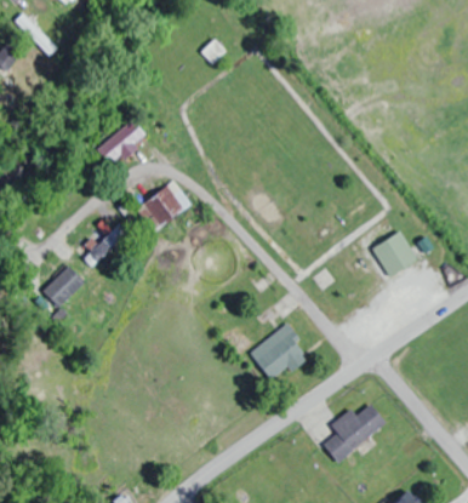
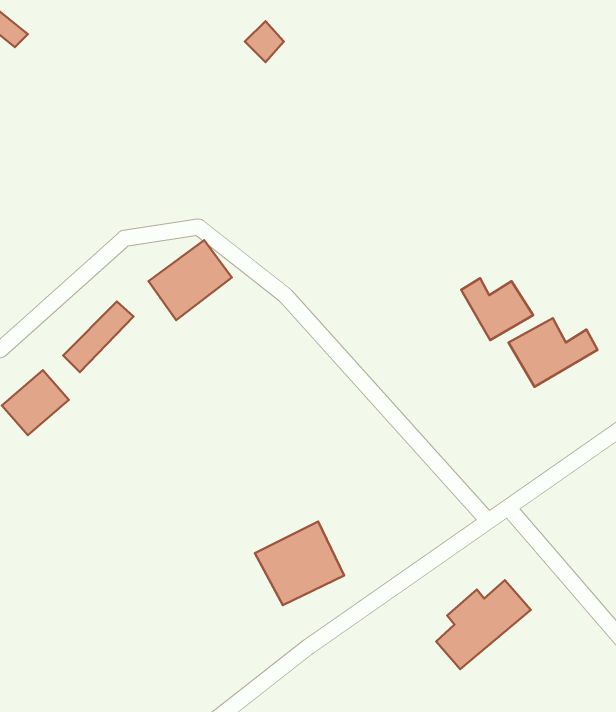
building: [101,126,129,156] -> none
building: none -> [461,278,533,340]
building: [251,326,309,381] -> [255,522,344,605]

